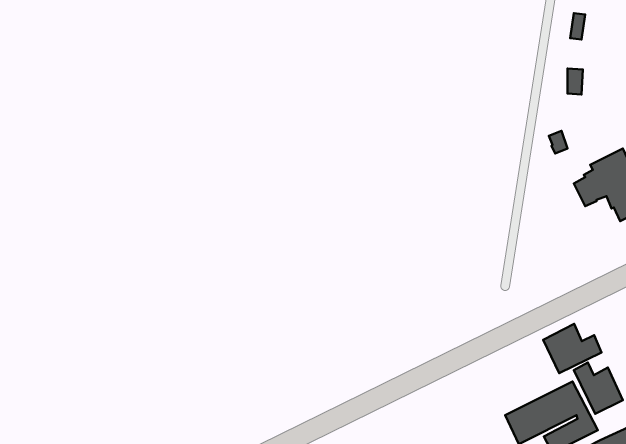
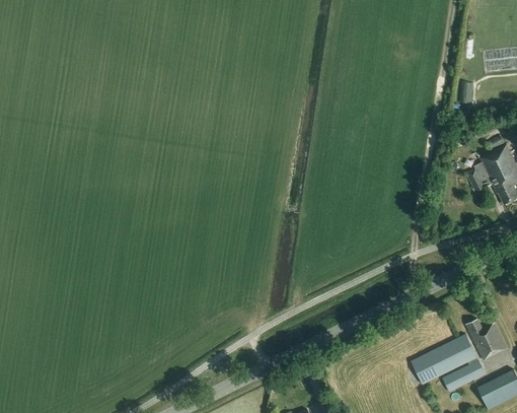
building: [543,324,602,373] -> none

